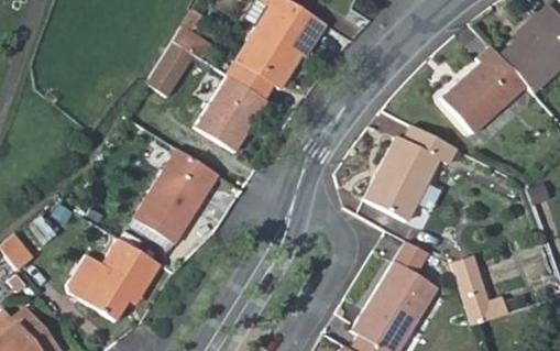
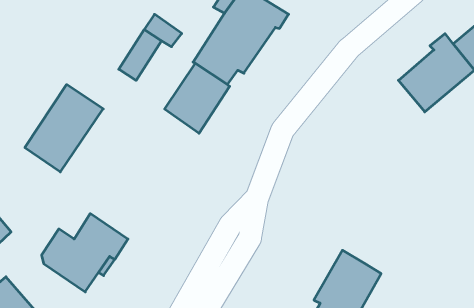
building: [366,120,460,216] -> none
building: [131,149,216,243] -> [25,85,103,172]
building: [386,242,432,292] -> none
building: [452,255,510,326] -> none

